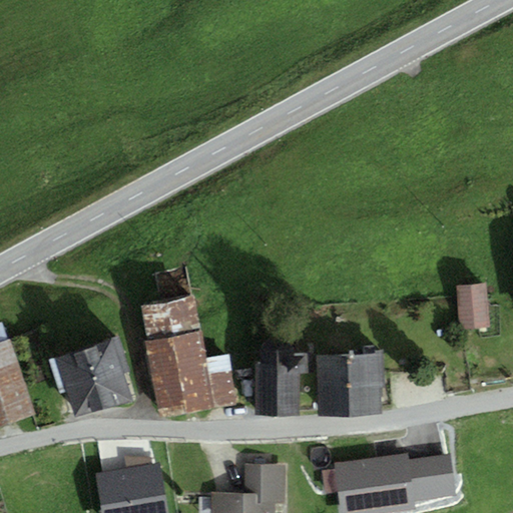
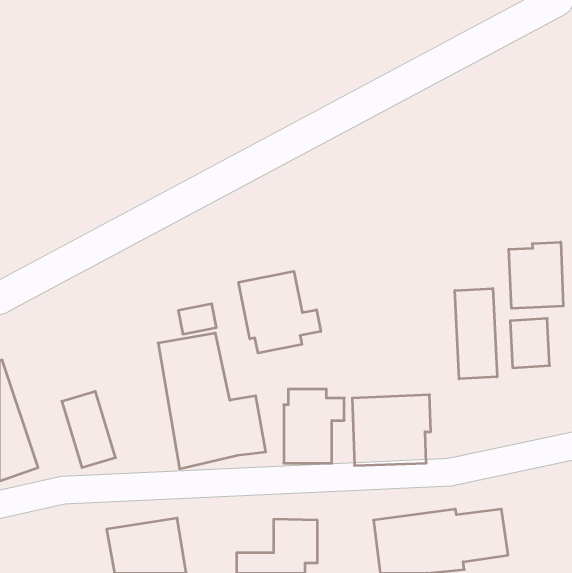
building: none -> [509,242,563,308]
building: none -> [239,271,321,353]
building: none -> [455,288,497,379]
building: [85,341,133,409] -> none

